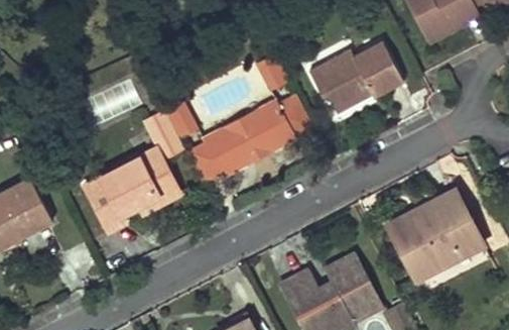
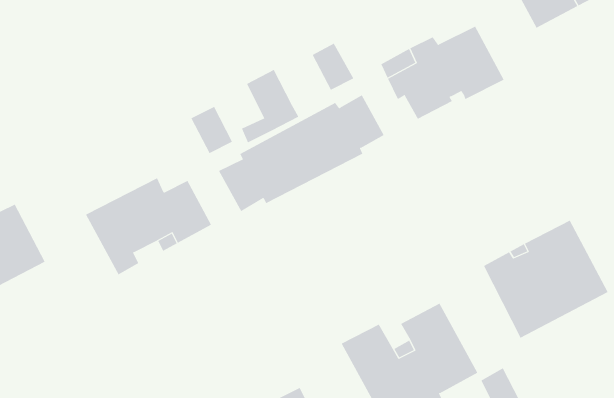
building: [139,111,183,168] -> [241,69,299,143]

